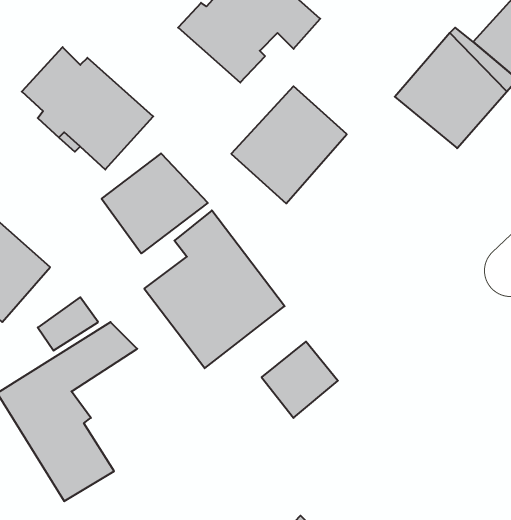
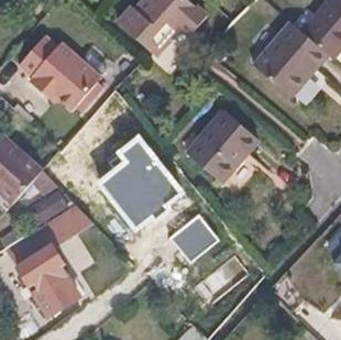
building: [231,86,347,203] -> [186,110,257,183]
building: [102,153,208,253] -> none

